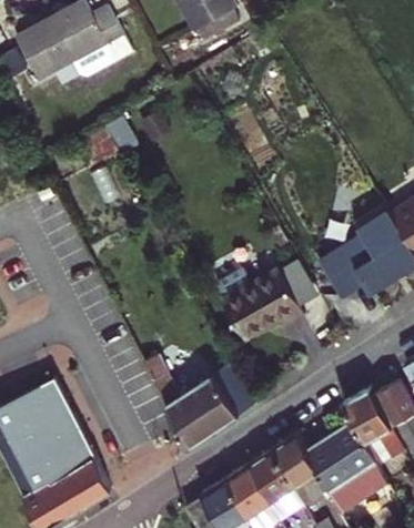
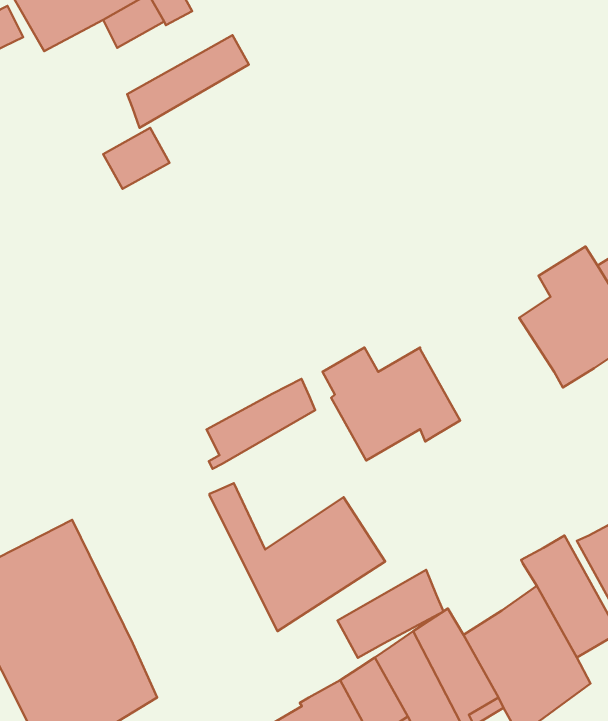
building: none -> [127,35,249,128]
building: [317,248,363,297] -> none
building: [277,258,319,306] -> none
building: none -> [207,379,315,469]
building: none -> [337,570,444,658]

